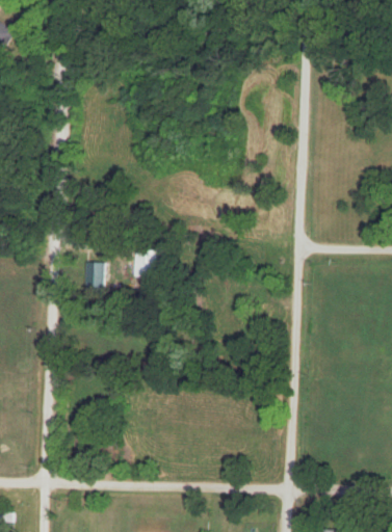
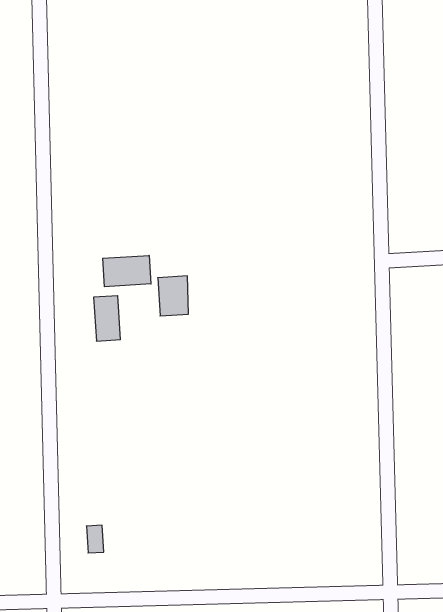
building: none -> [103,255,151,287]

